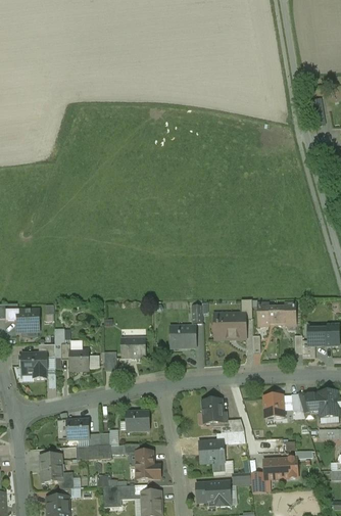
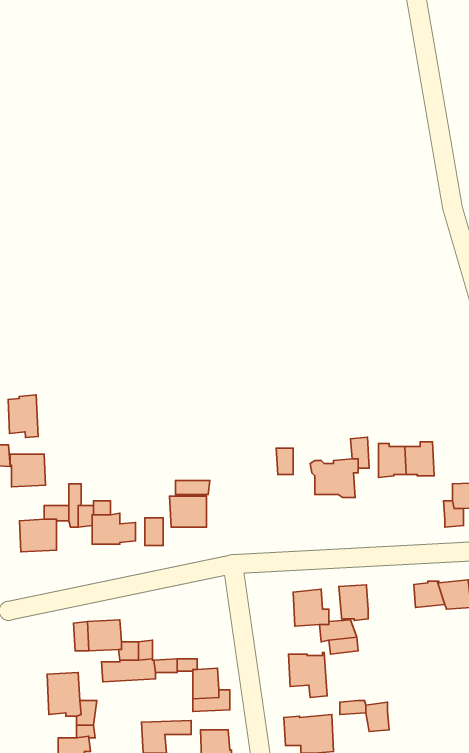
building: none -> [8,395,38,438]
building: [169,325,196,347] -> none
building: [263,394,283,418] -> [339,585,368,621]
building: [126,412,149,430] -> none
building: [263,458,296,479] -> none

